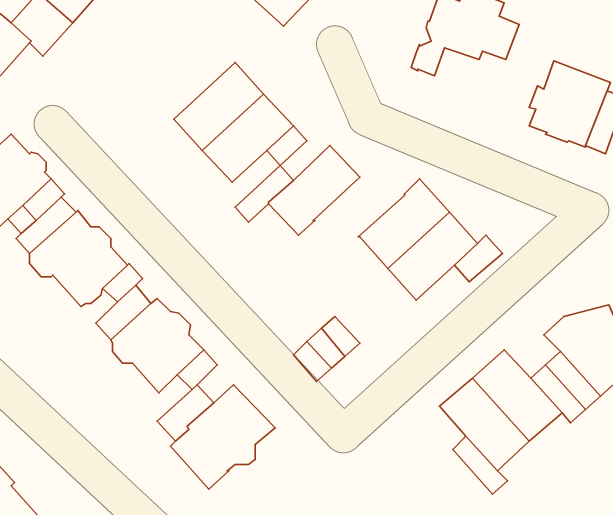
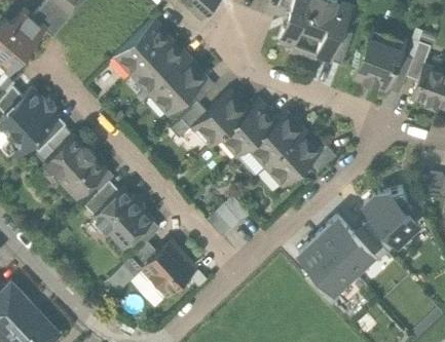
building: none -> [114,22,171,76]
building: none -> [316,34,349,67]
building: none -> [219,103,275,158]

